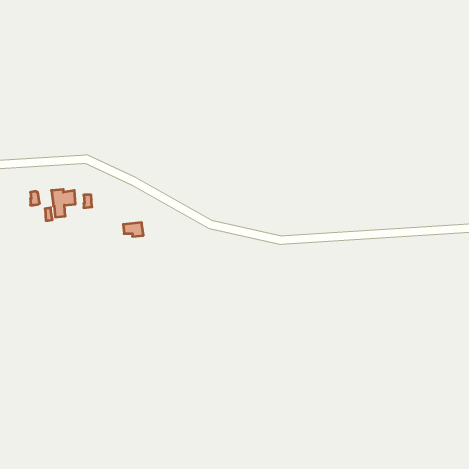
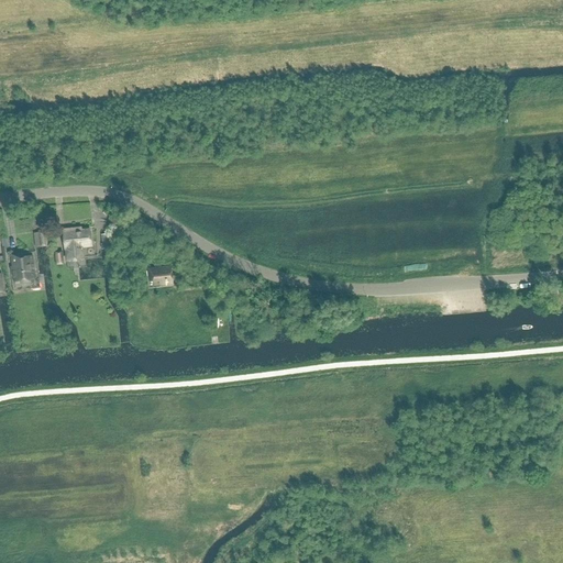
building: none -> [10,252,33,280]

